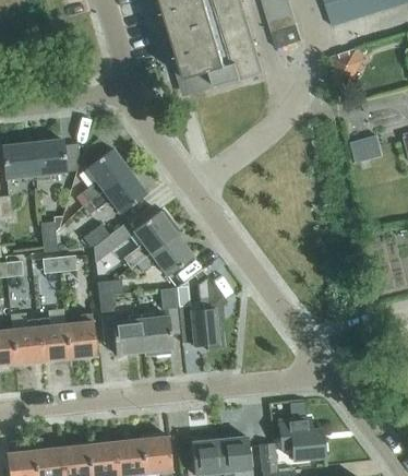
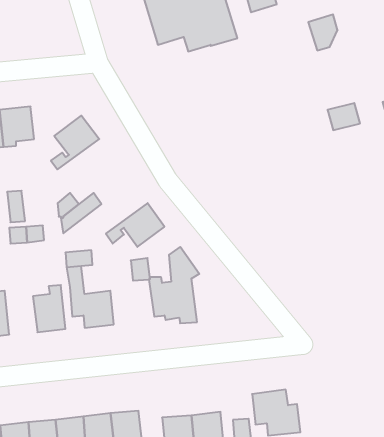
building: [88,171,145,213] -> none
building: [129,211,176,263] -> none
building: [140,317,171,352] -> none
building: [37,318,69,361] -> none

